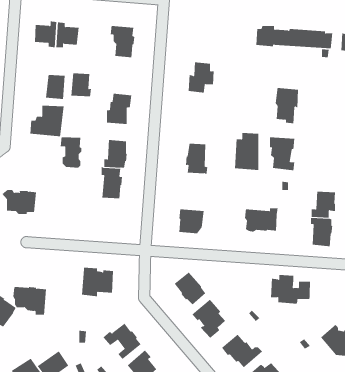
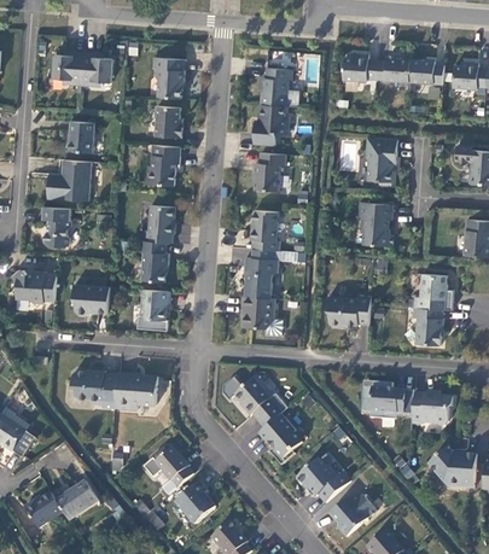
building: none -> [261,68,291,106]
building: [71,73,92,97] -> [155,106,182,138]
building: none -> [254,152,286,191]
building: [234,132,259,170] -> [243,249,275,298]
building: [60,137,82,168] -> [42,206,71,247]
building: none -> [74,285,110,316]
building: none -> [141,290,170,321]
building: none -> [412,391,453,425]
building: [12,286,47,315] -> [72,371,117,408]

